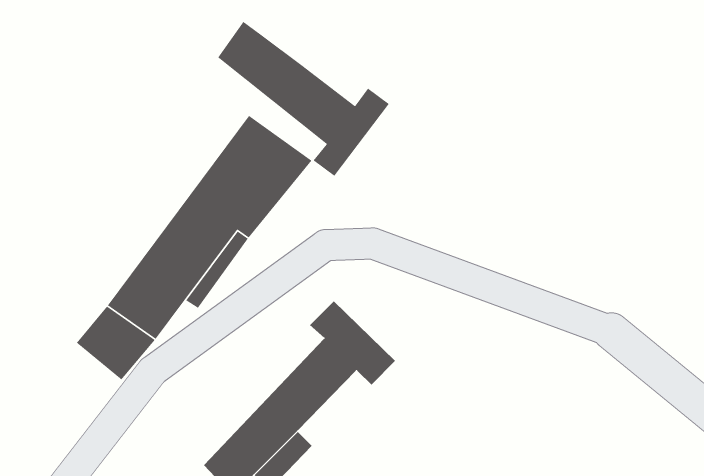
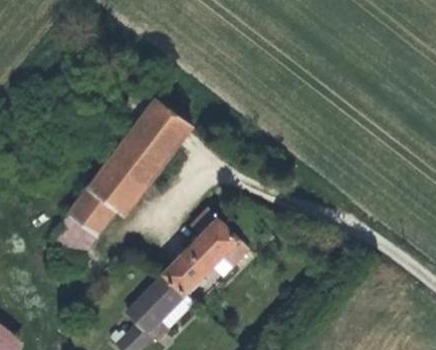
building: [217,21,390,177] -> none

